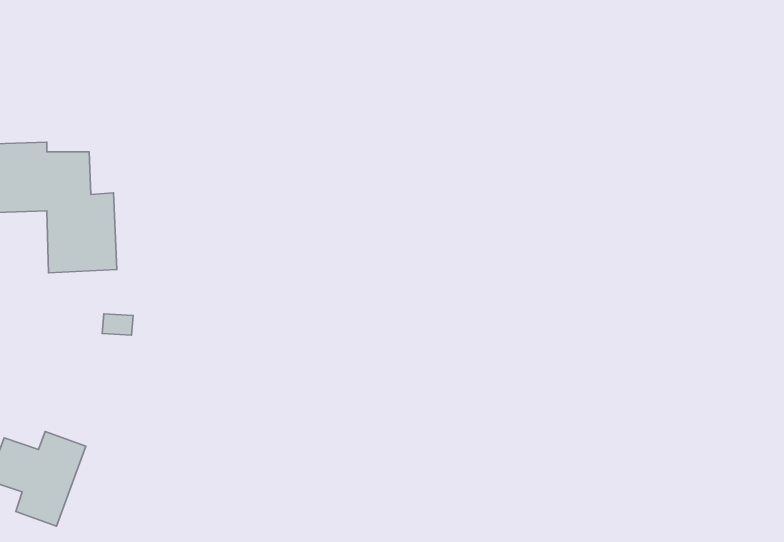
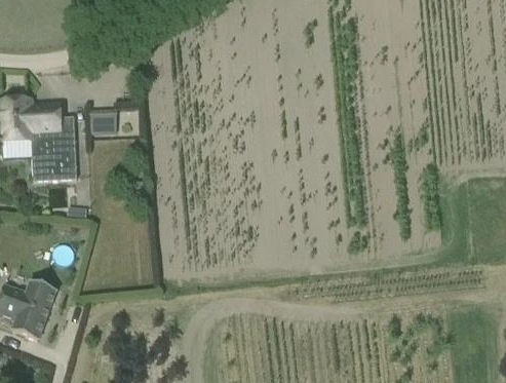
building: none -> [88,109,115,130]

